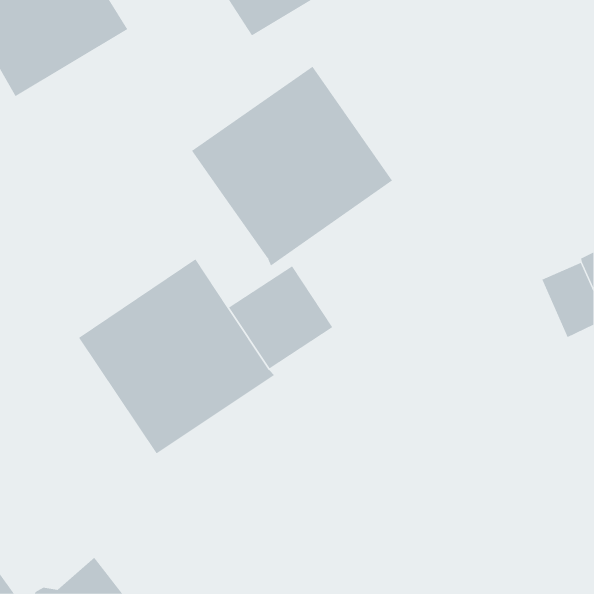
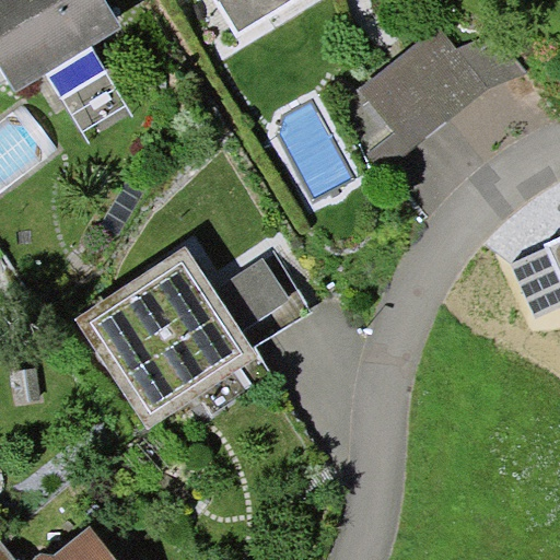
building: none -> [336,28,527,166]
building: [191,66,393,266] -> none

